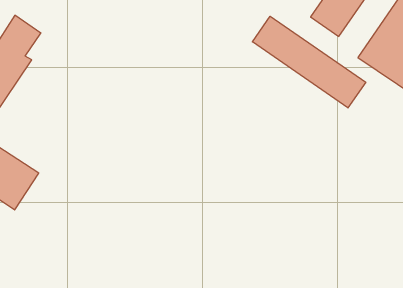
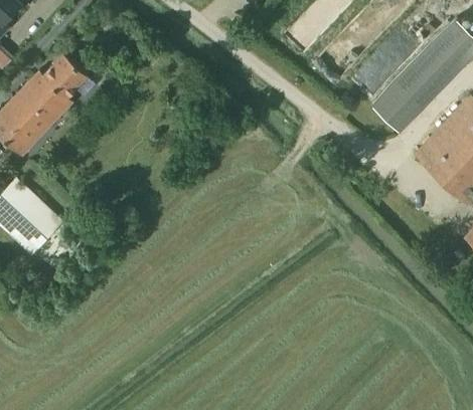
building: [252,16,366,108] -> none

